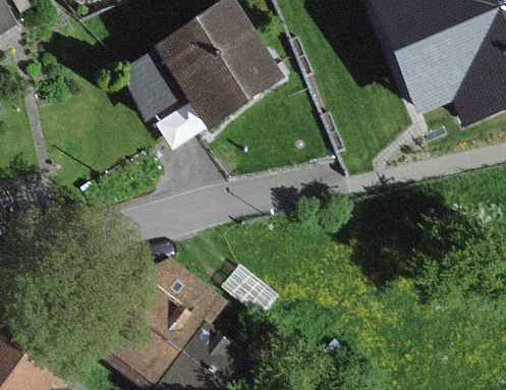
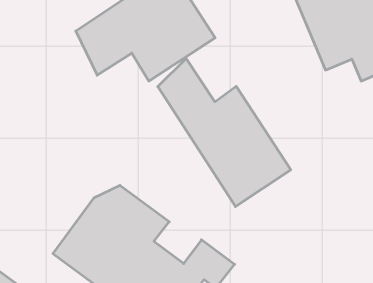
building: none -> [158,59,291,207]

